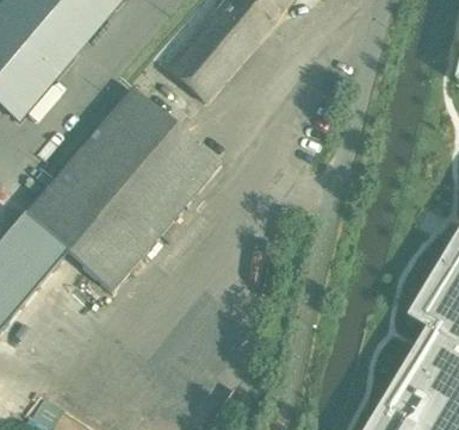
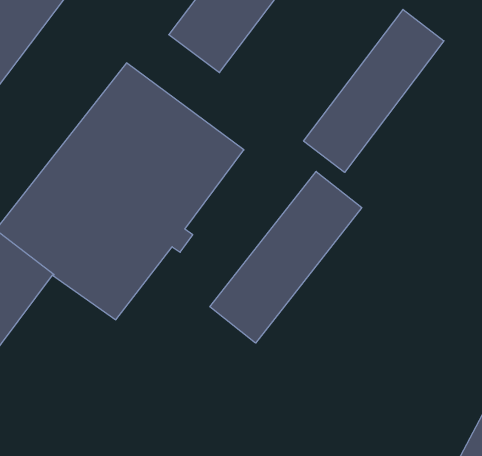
building: none -> [304,9,444,172]
building: none -> [210,171,362,343]

